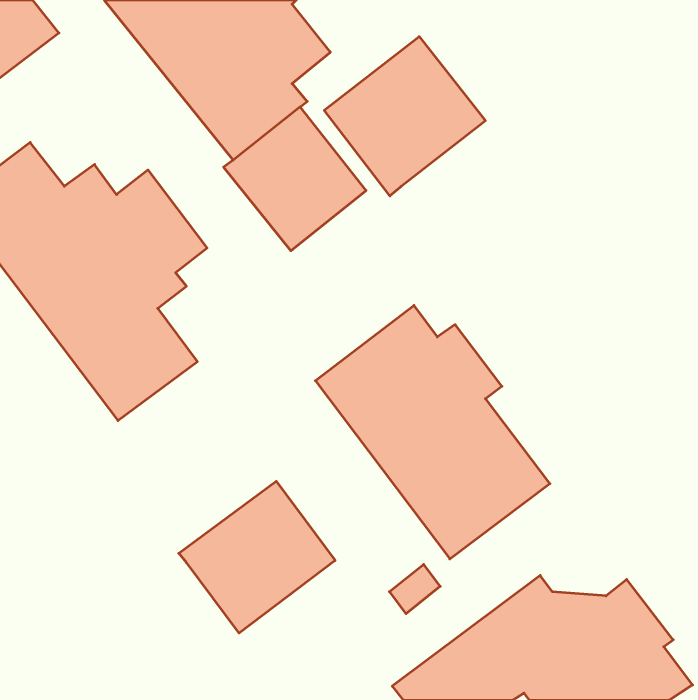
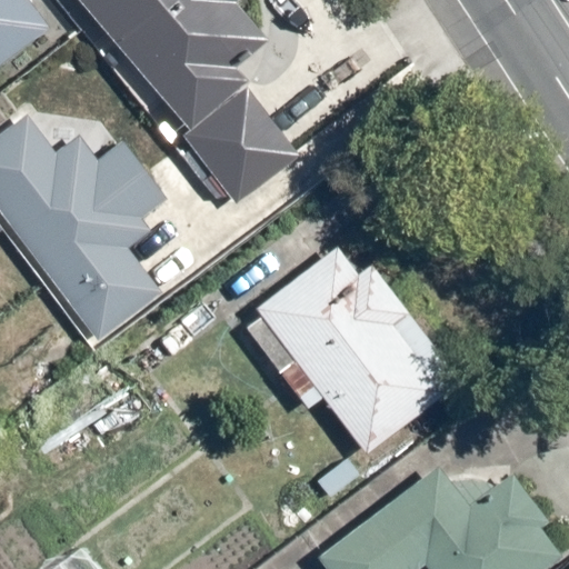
building: [324,37,485,196] -> none
building: [179,481,335,633] -> none

